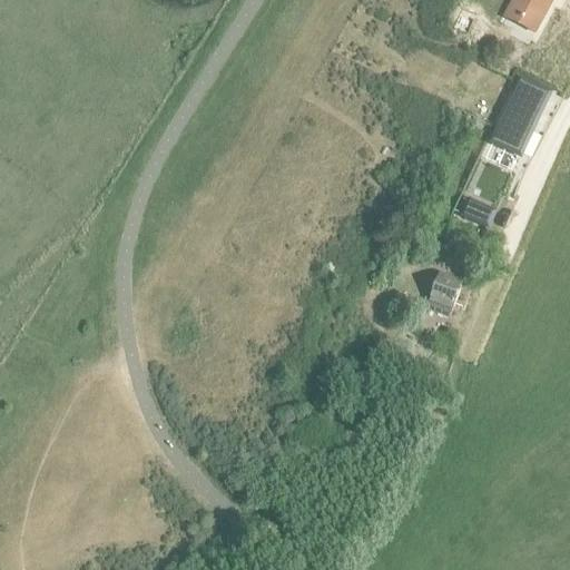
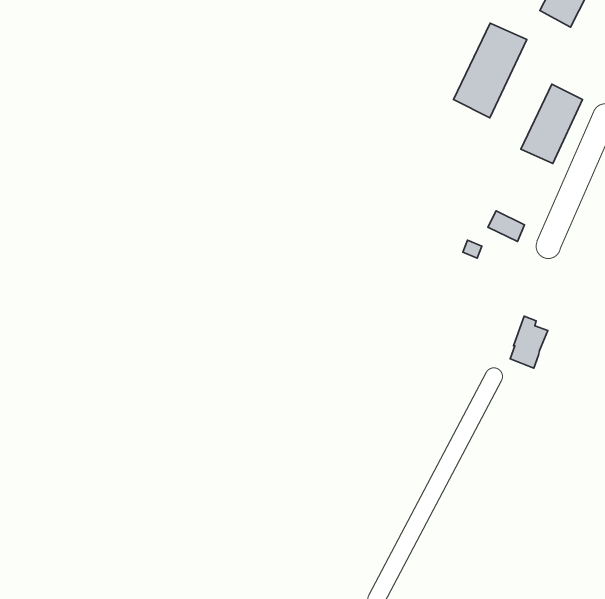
building: none -> [453,23,527,118]
building: [425,271,461,320] -> [510,316,548,368]

